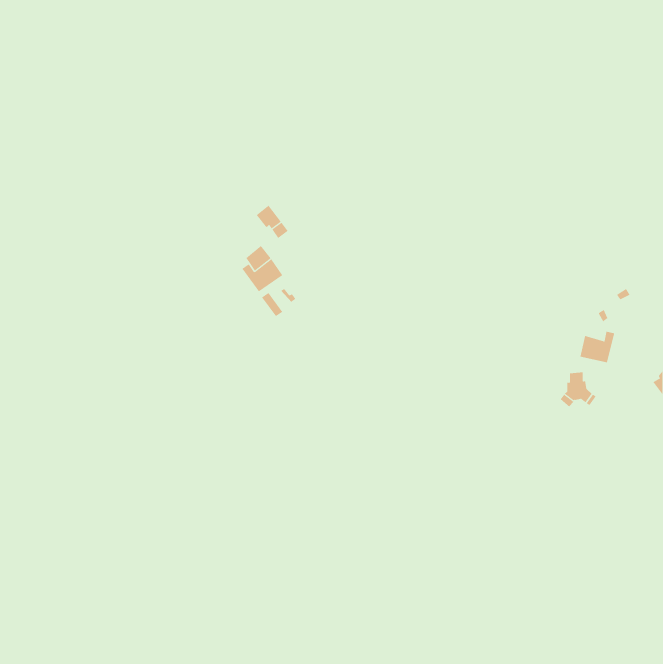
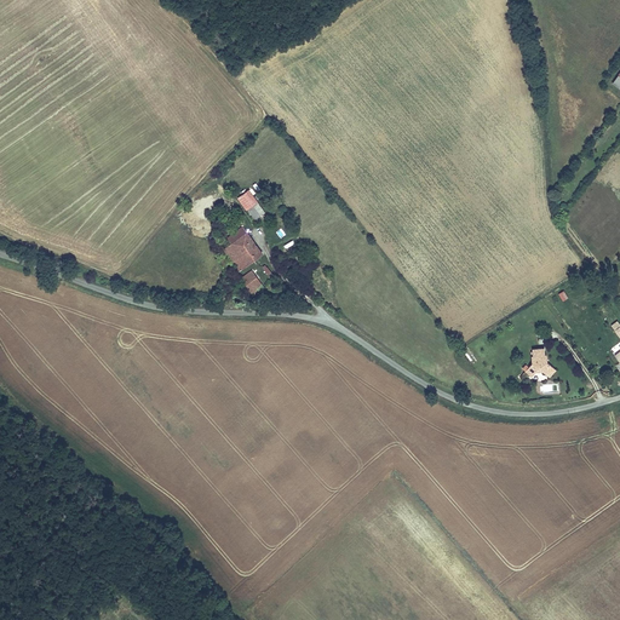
building: [580,331,615,363] -> none

